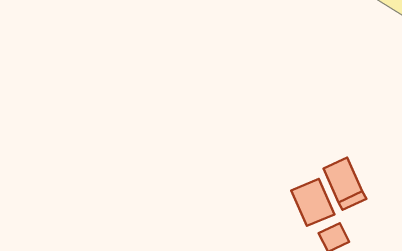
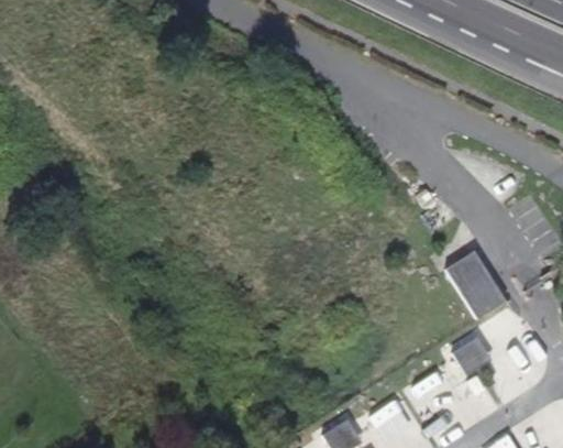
building: [291,179,335,226] -> none

